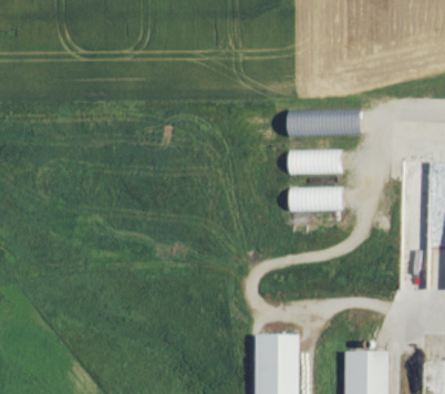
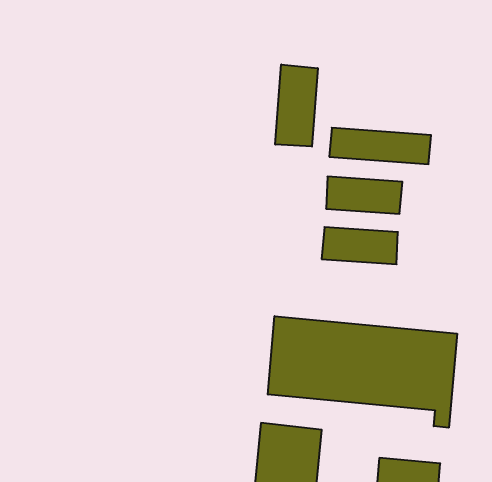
building: none -> [275,64,318,147]
building: none -> [268,316,457,428]

